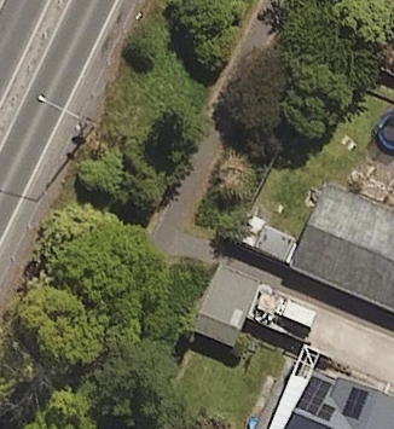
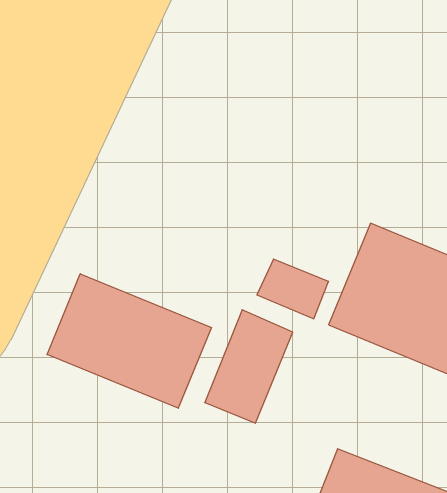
building: none -> [47,274,212,408]

